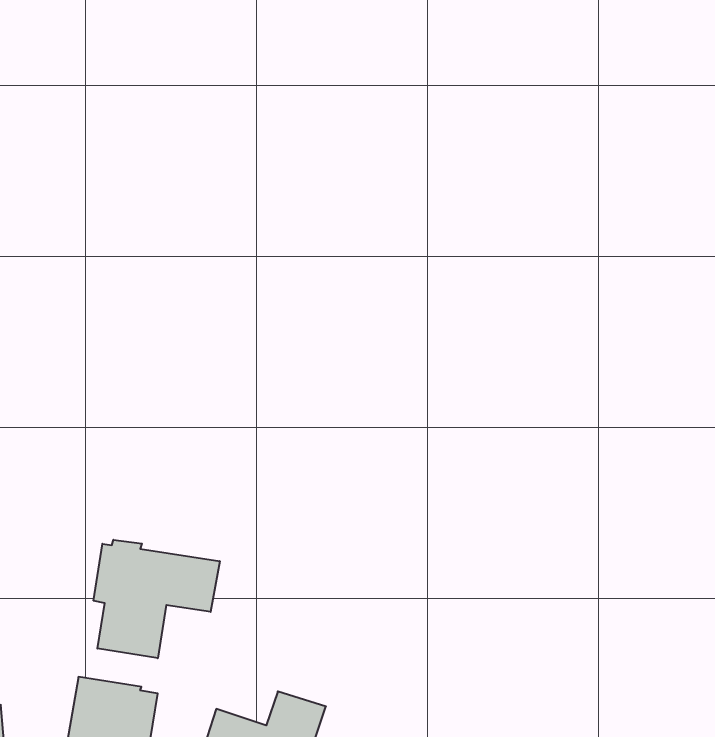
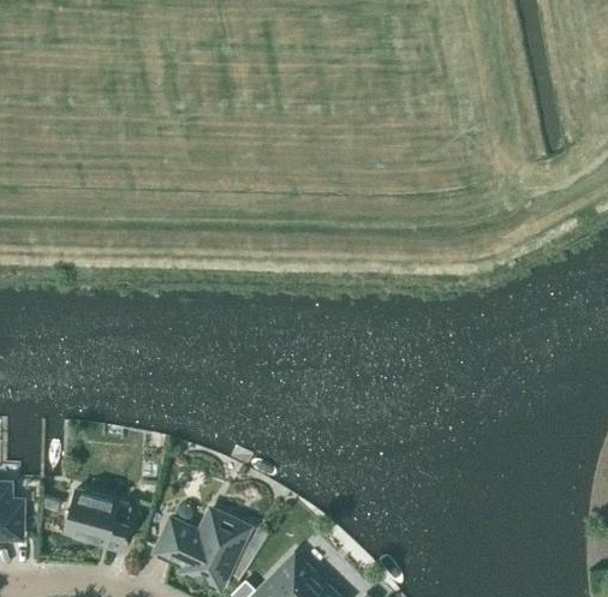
building: [94,540,220,658] -> none

